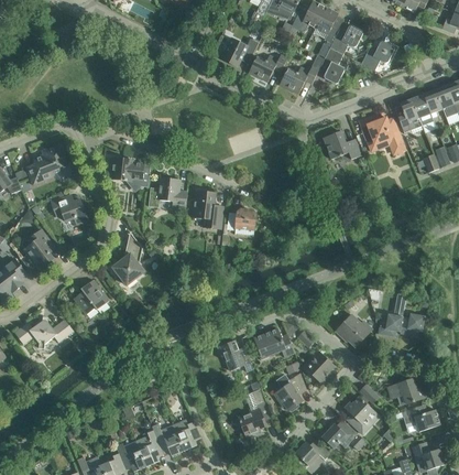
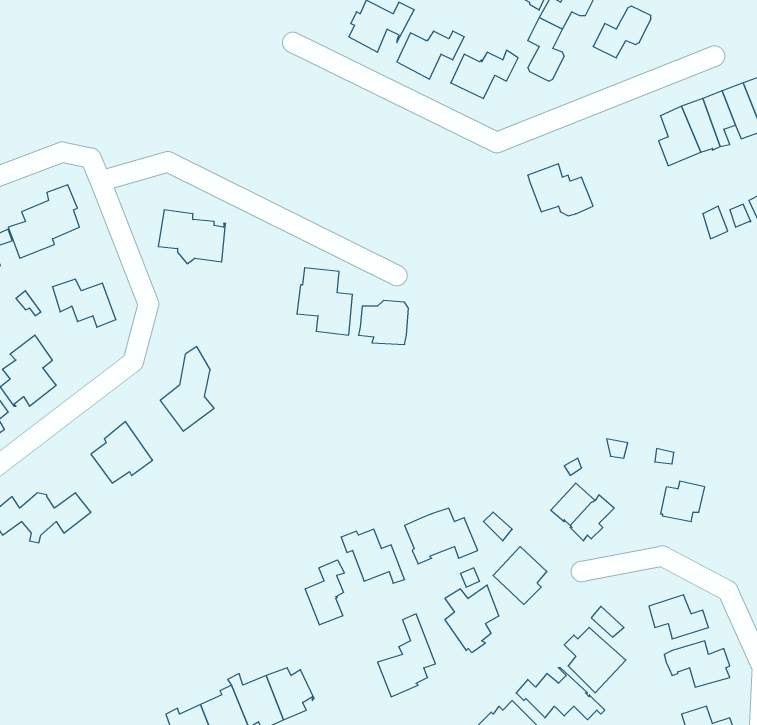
building: [360,115,405,154] -> none
building: [149,177,188,206] -> none
building: [379,304,405,336] -> none
building: none -> [305,560,344,625]

